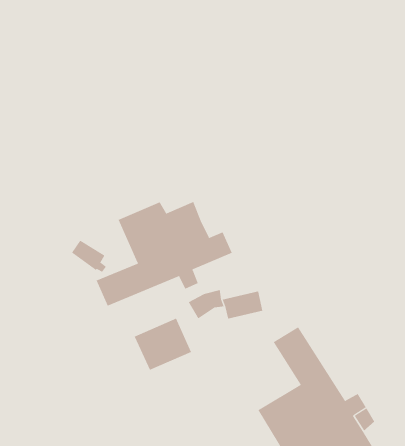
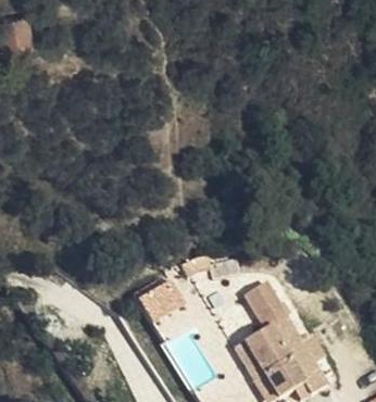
building: [96,201,232,306] -> none

